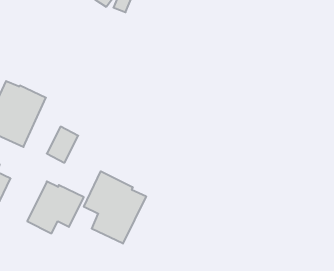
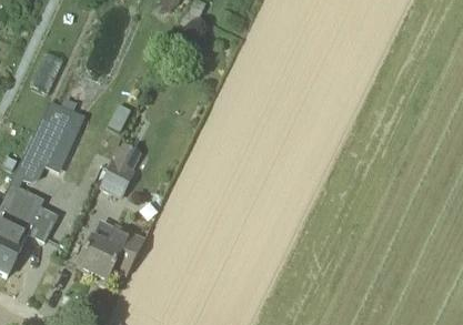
building: [84,171,146,244] -> none

